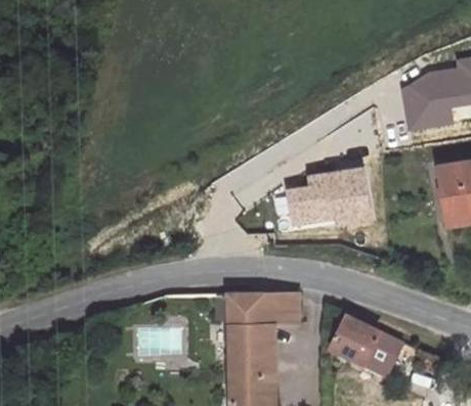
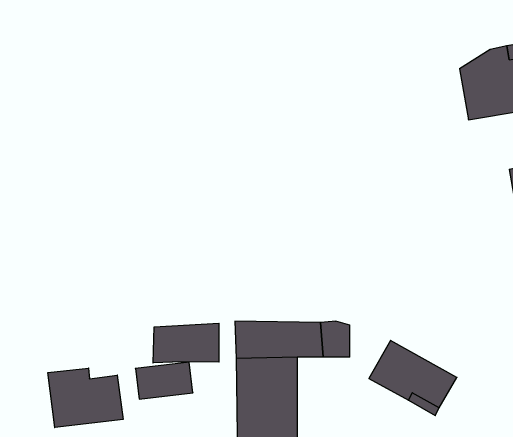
building: [293,167,378,226] -> none
building: none -> [153,323,219,363]
building: none -> [48,368,123,428]

